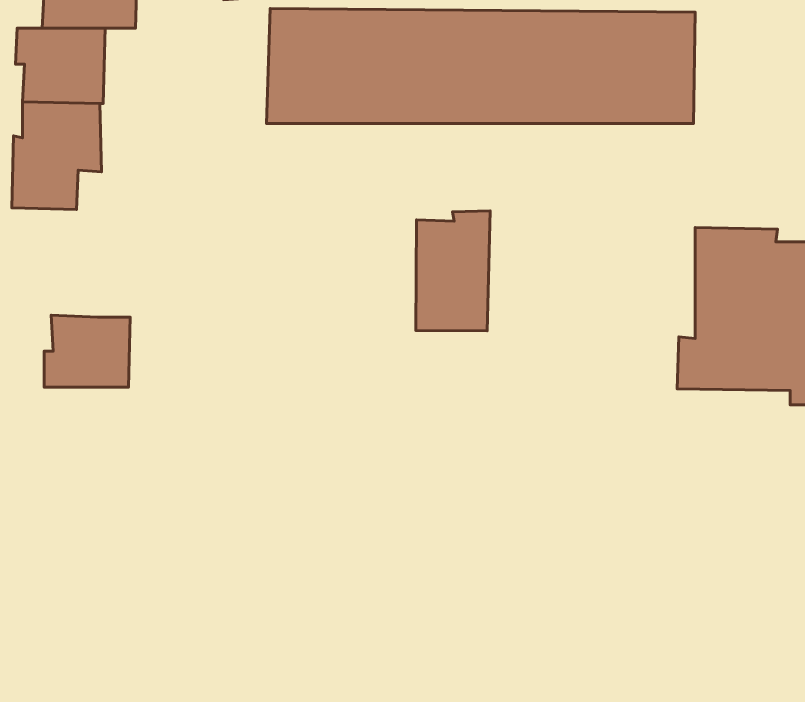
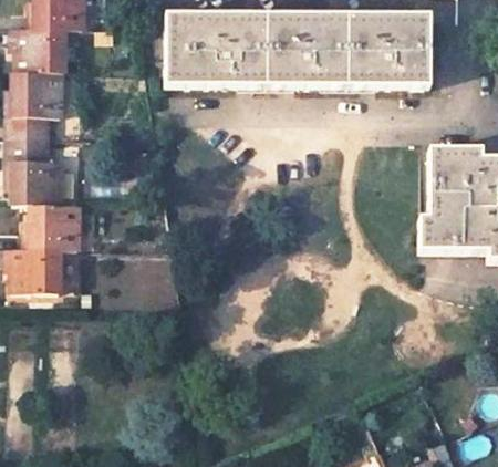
building: none -> [8,135,62,203]
building: [416,211,490,331] -> none
building: none -> [8,245,63,289]

